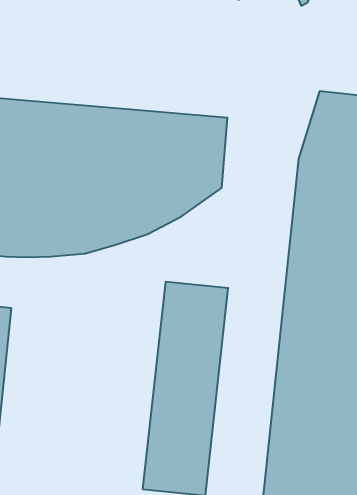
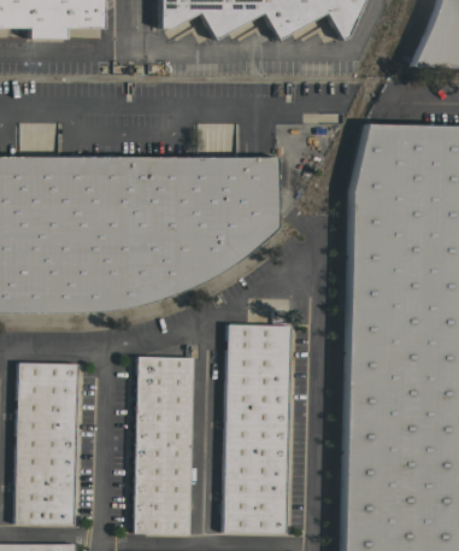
building: none -> [134,356,194,534]

